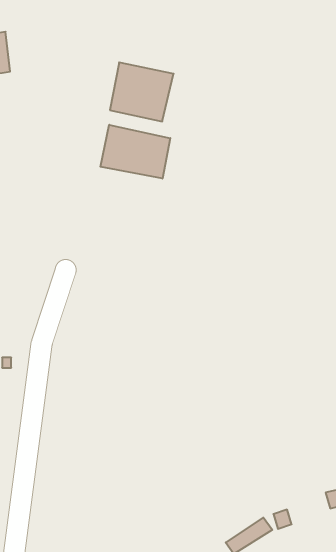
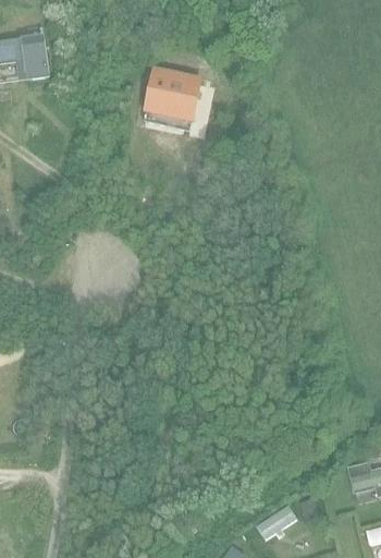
building: [100,125,170,179] -> none

